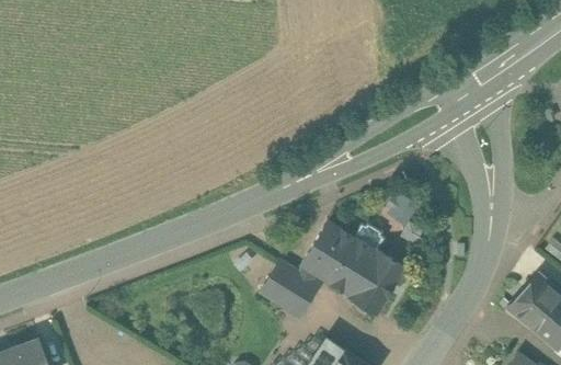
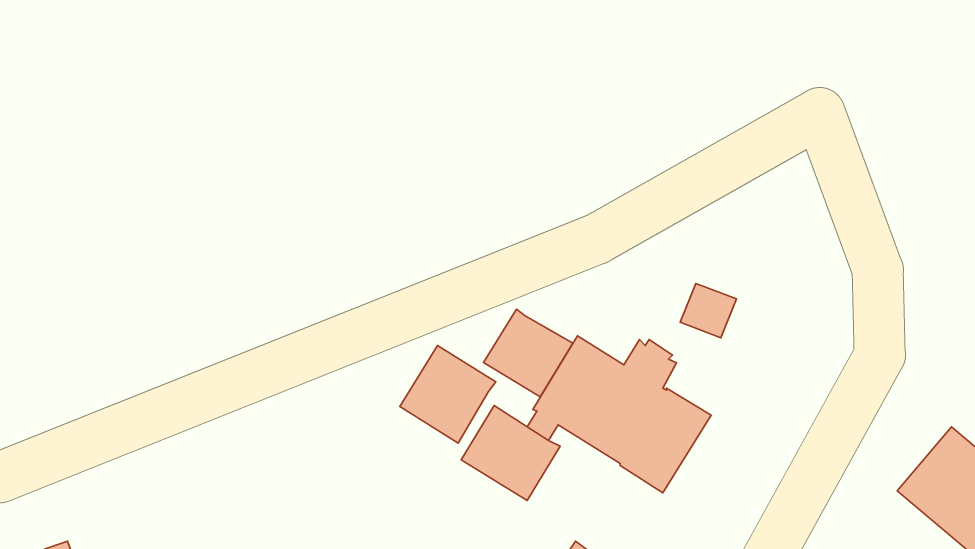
building: none -> [483,309,573,397]
building: none -> [400,346,496,443]

